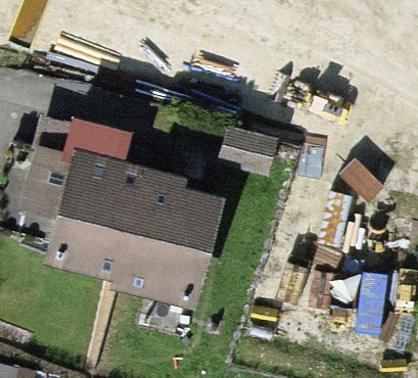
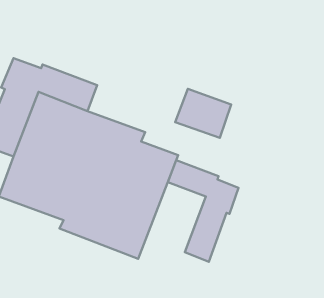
building: none -> [168,160,239,262]

